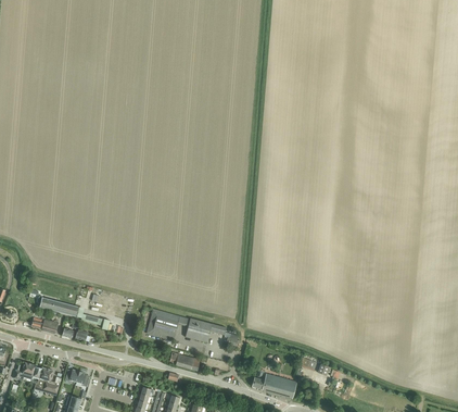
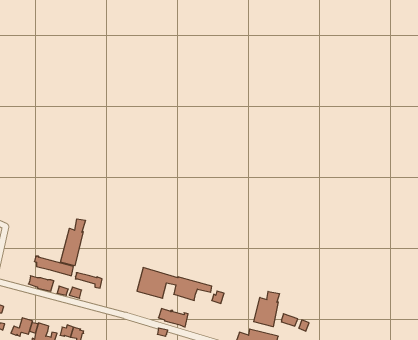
building: none -> [61,219,85,266]
building: none -> [254,291,279,327]

